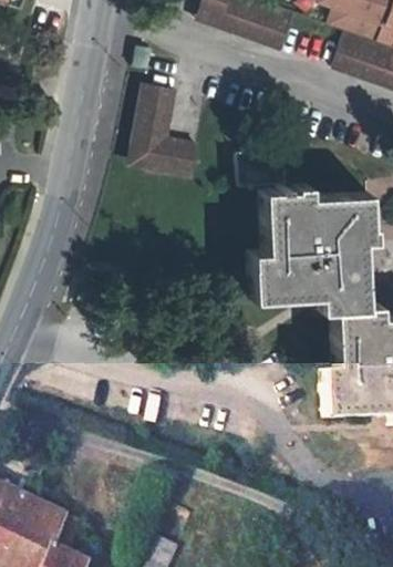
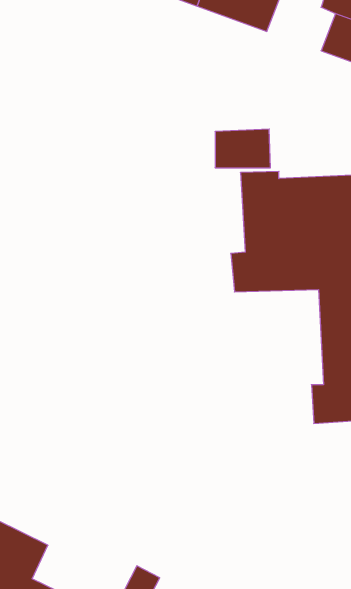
building: [132,78,200,172] -> none

